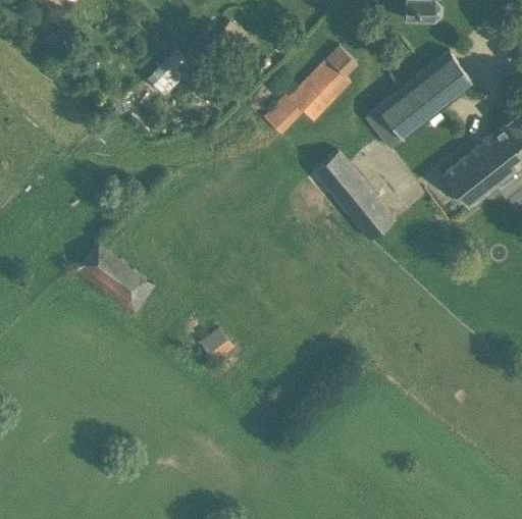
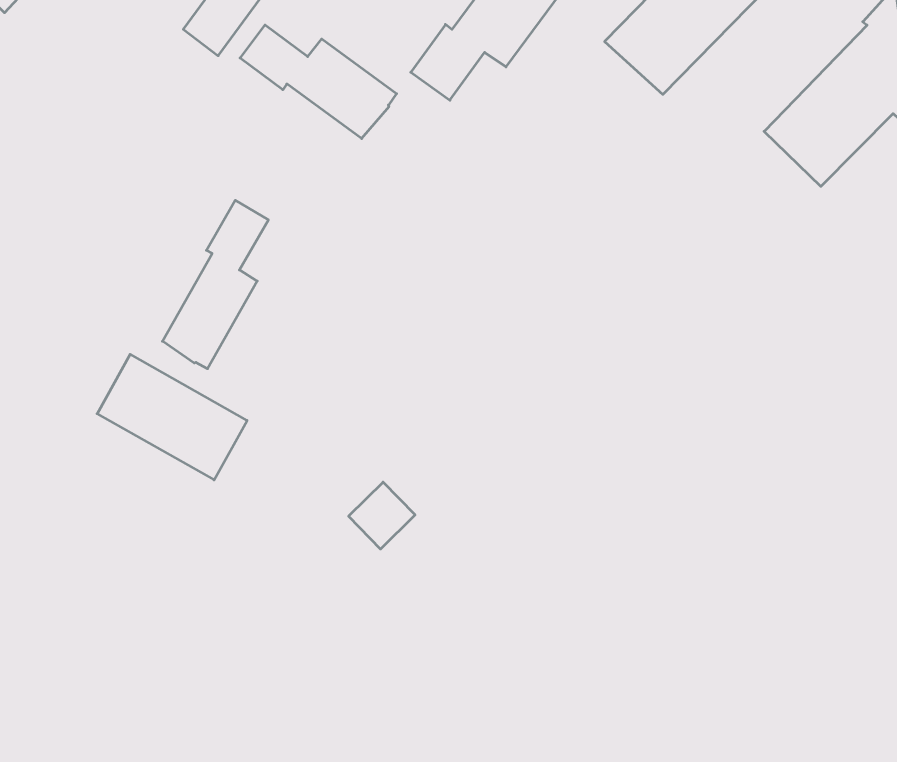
building: none -> [240,25,397,139]
building: [313,149,399,243] -> none
building: none -> [162,200,268,369]

